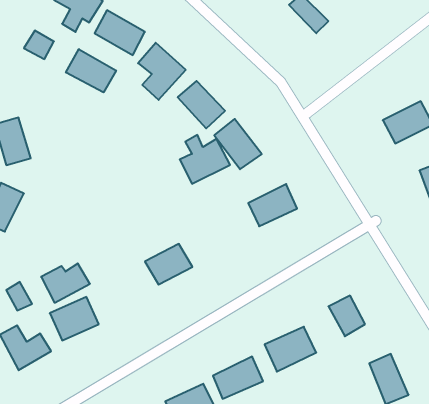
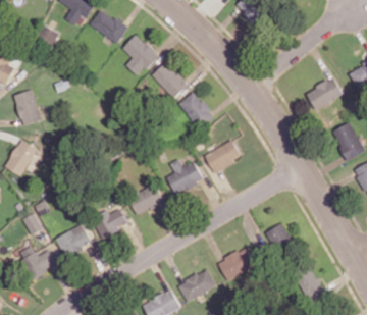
building: [66,49,116,92] -> none
building: [180,135,230,184] -> [166,158,204,195]
building: [41,263,90,303] -> [92,208,128,238]

